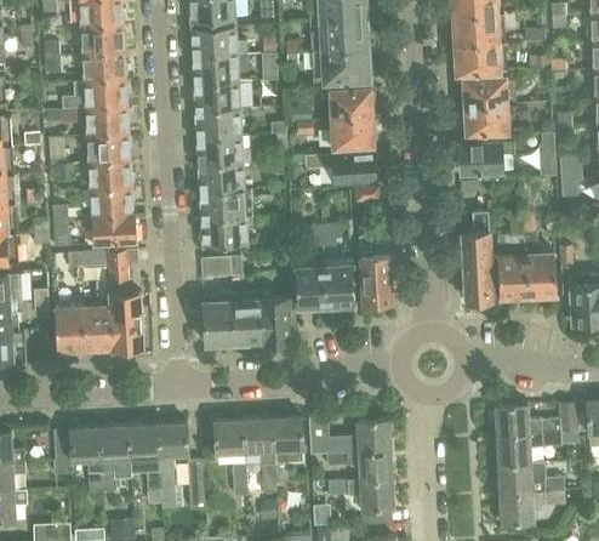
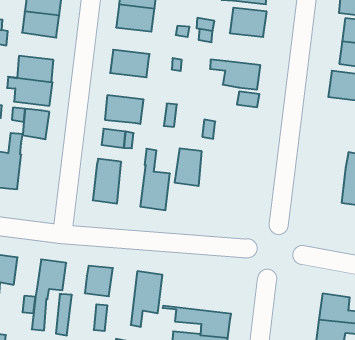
building: [332,118,375,148] -> none
building: [198,135,250,164] -> none
building: [89,161,131,190] -> none
building: [200,189,252,218] -> none
building: [461,210,492,301] -> none
building: [361,250,392,303] -> none
building: [324,263,355,306] -> none
building: [110,291,143,351] -> none
building: [232,292,263,343] -> none
building: [244,418,276,492] -> none
building: [309,418,392,454] -> none
building: [130,425,159,460] -> none

